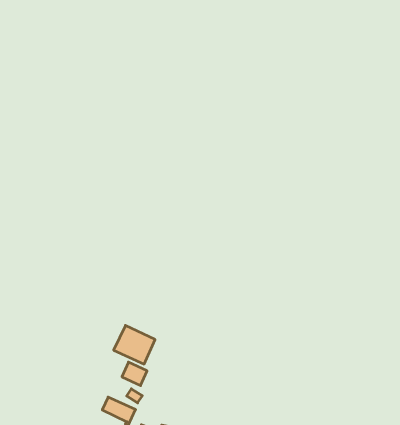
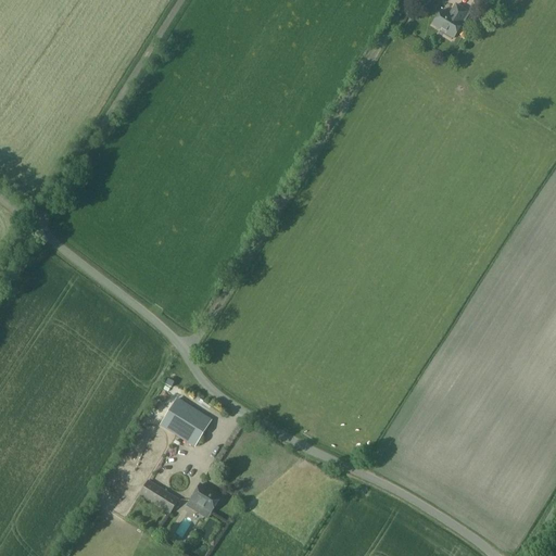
building: [122,362,147,386] -> [190,483,220,513]

